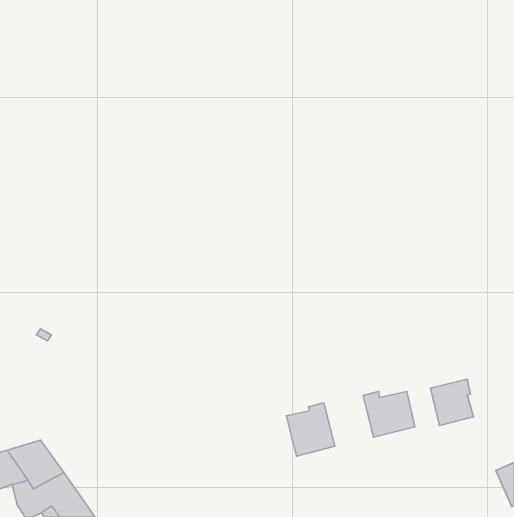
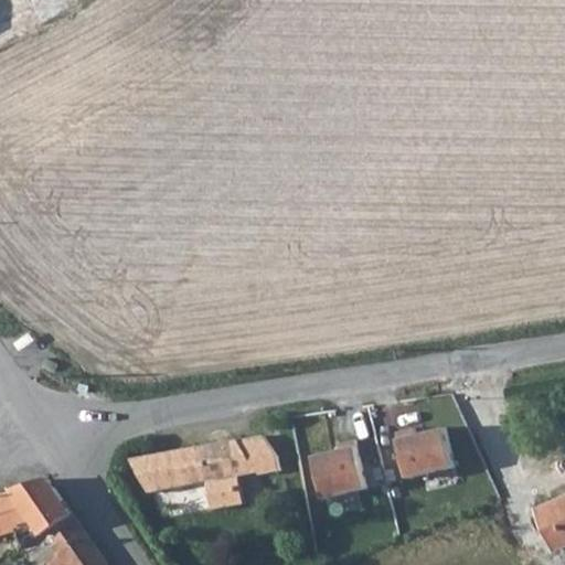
building: [431,379,473,425] -> none
building: none -> [127,439,275,511]

